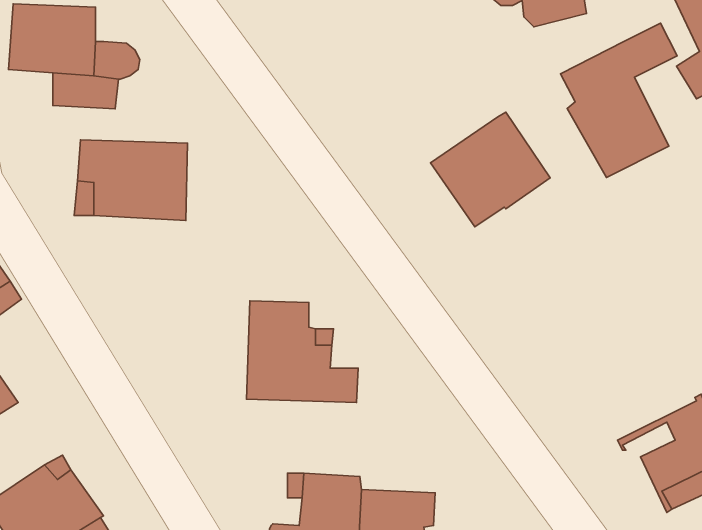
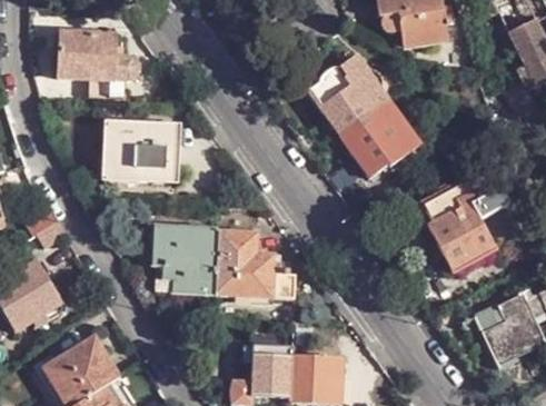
building: [560,23,677,177] -> [423,170,502,275]
building: none -> [309,58,386,136]
building: none -> [151,224,218,296]

